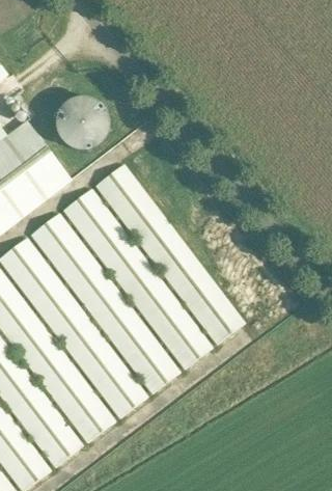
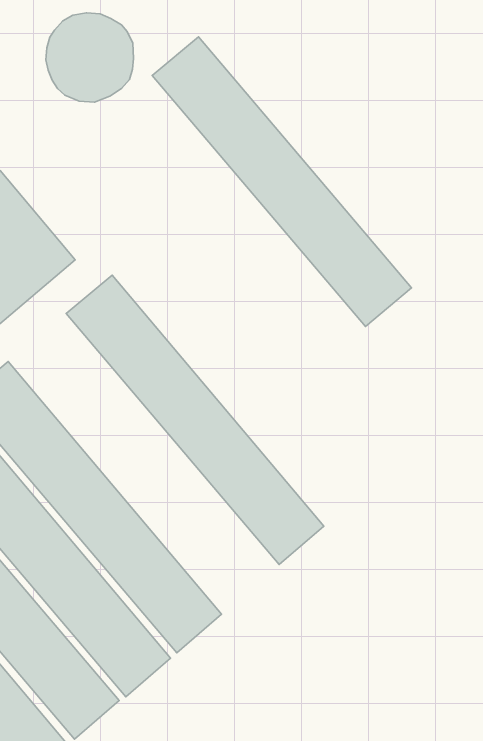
building: [56,97,109,151] -> [46,13,134,102]
building: [95,164,245,344] -> [152,37,412,326]
building: [31,213,179,393] -> none

